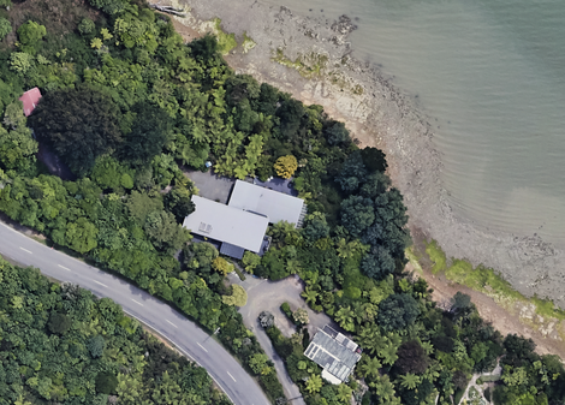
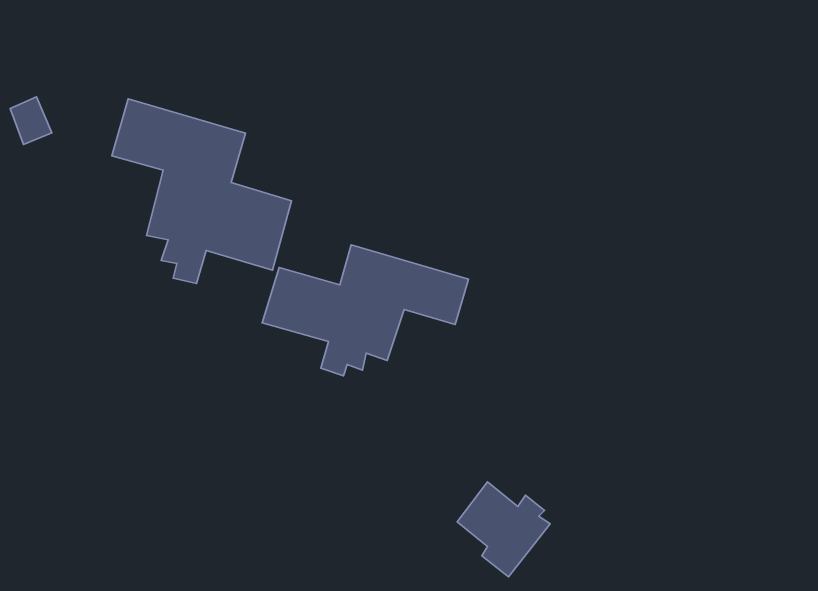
building: none -> [112,99,291,284]

